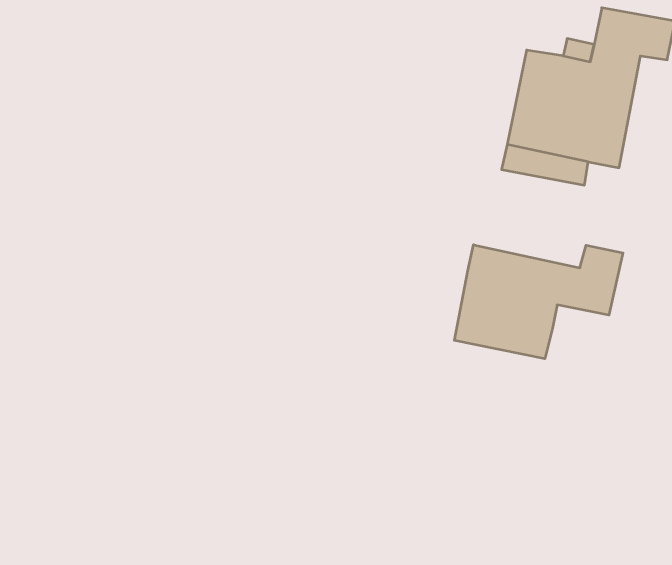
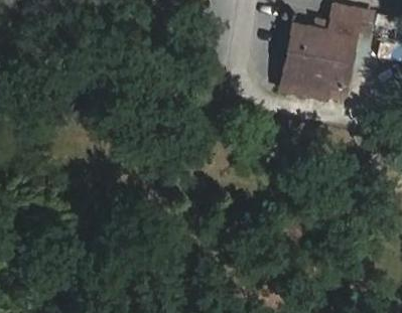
building: [454,245,623,359] -> none

